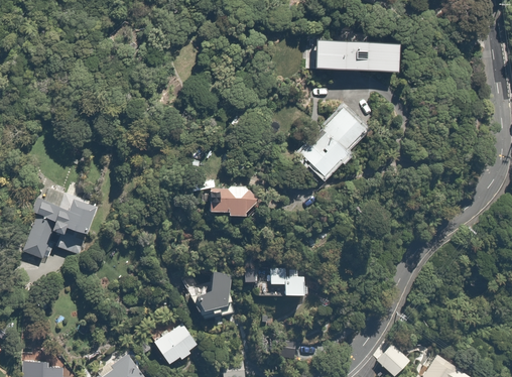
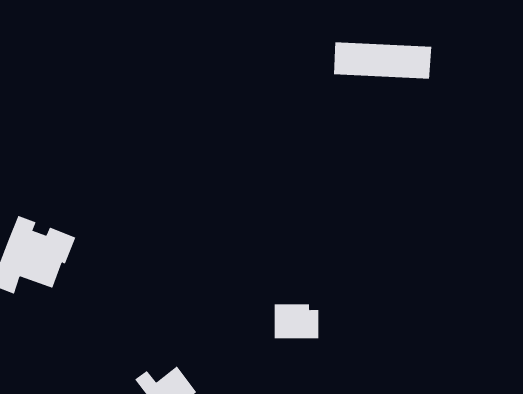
building: [298,107,366,177] -> none
building: [209,185,261,218] -> none
building: [198,278,233,318] -> none

